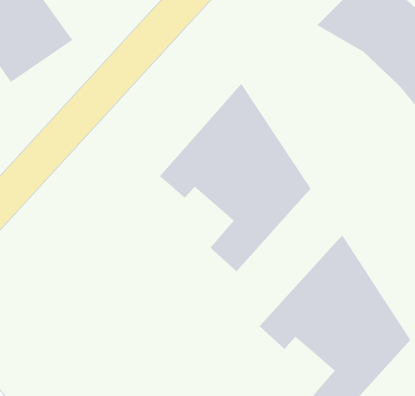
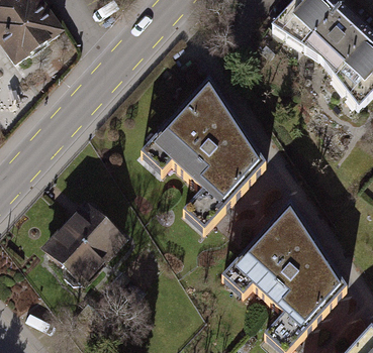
building: none -> [43,209,130,296]

